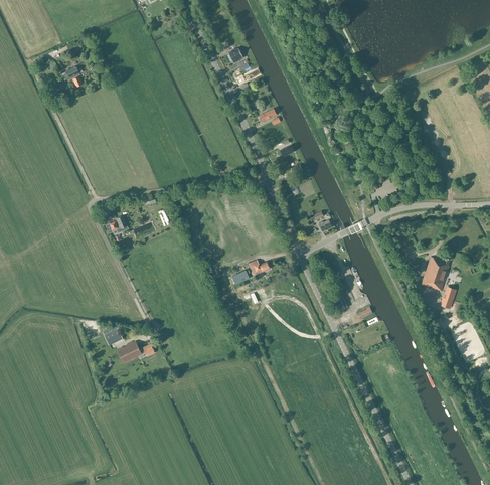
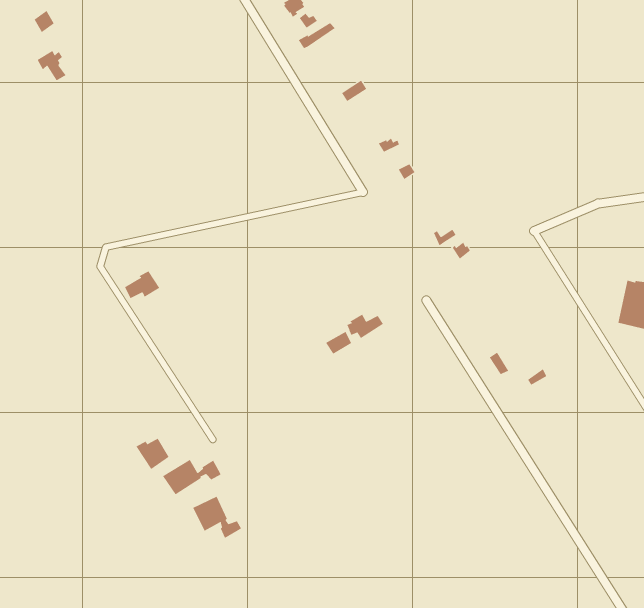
building: none -> [193,496,242,539]

